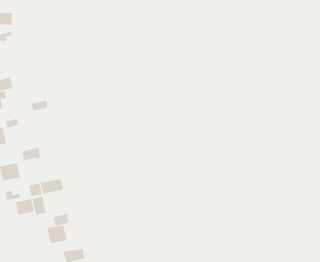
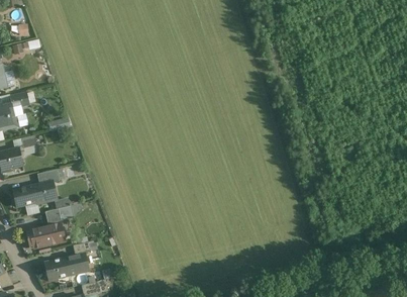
building: none -> [32,181,56,204]
building: none -> [43,258,69,280]

